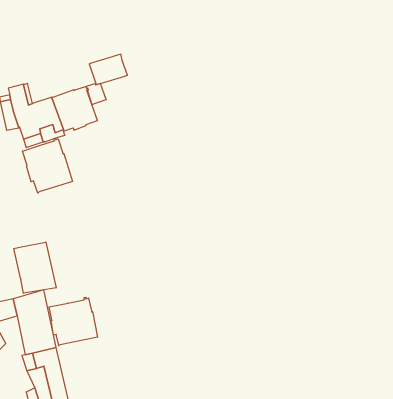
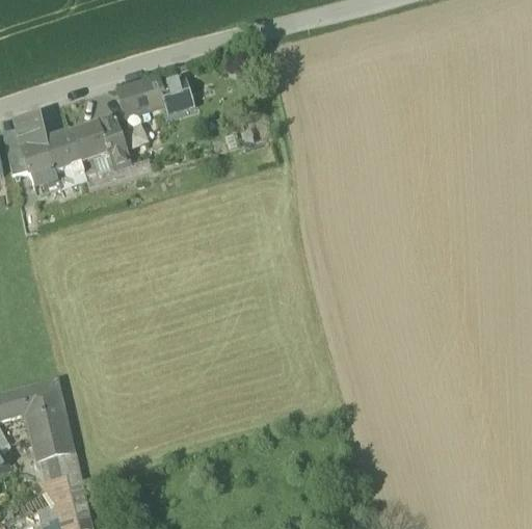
building: none -> [160,76,193,113]
building: [23,138,73,193] -> none
building: [14,242,56,293] -> none
building: [49,297,97,346] -> none

